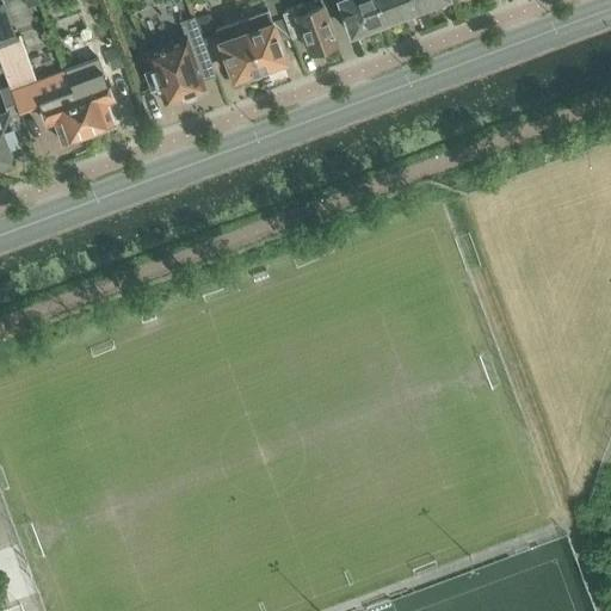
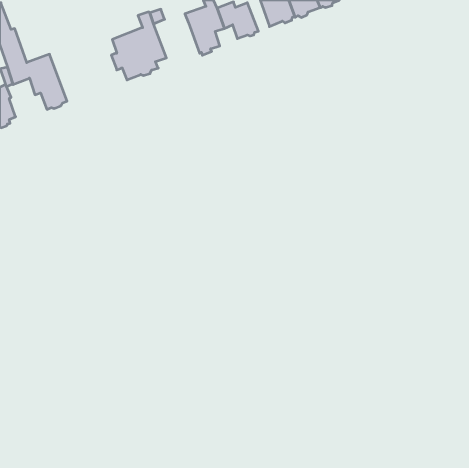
building: [214,20,259,81] -> none
building: [64,61,113,134] -> none

